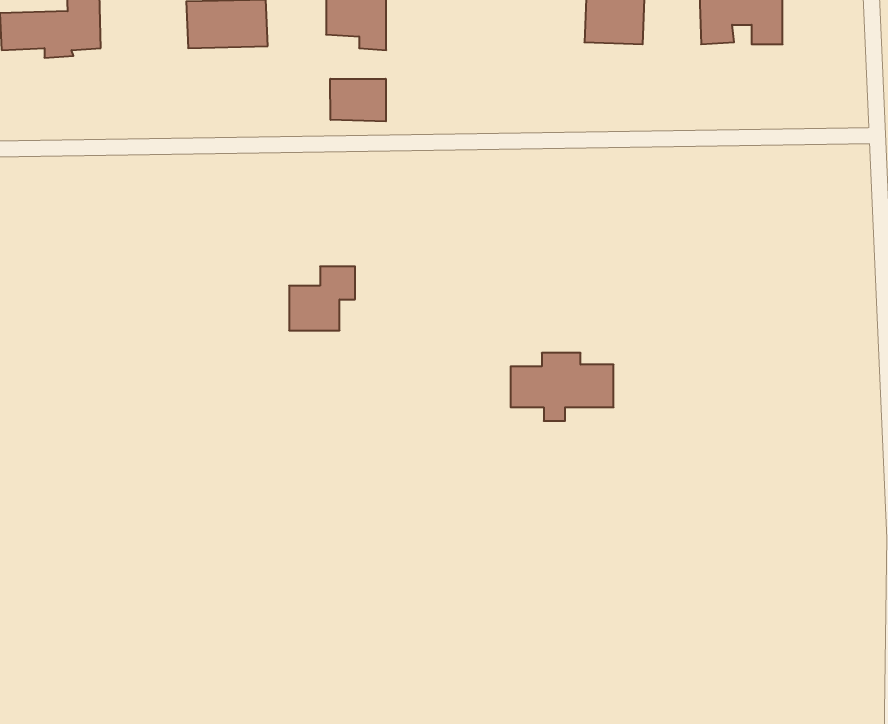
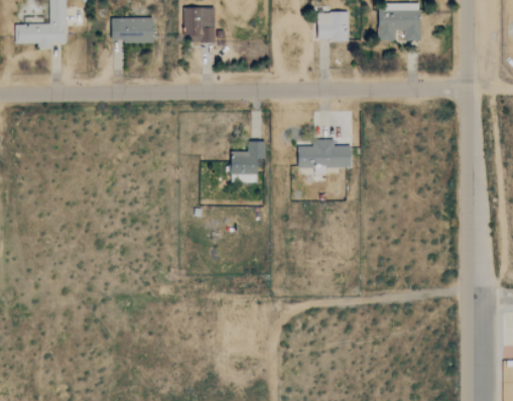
building: [330,79,386,121] -> none
building: [289,266,355,330] -> [231,141,265,174]
building: [511,353,614,421] -> [297,139,351,174]

